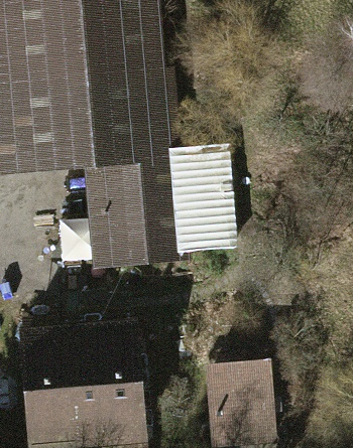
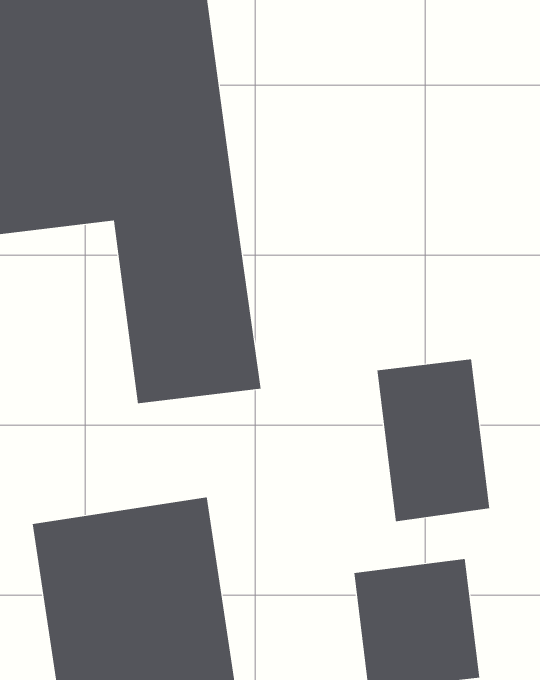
building: [171,132,235,244] -> none
building: none -> [377,359,490,522]

